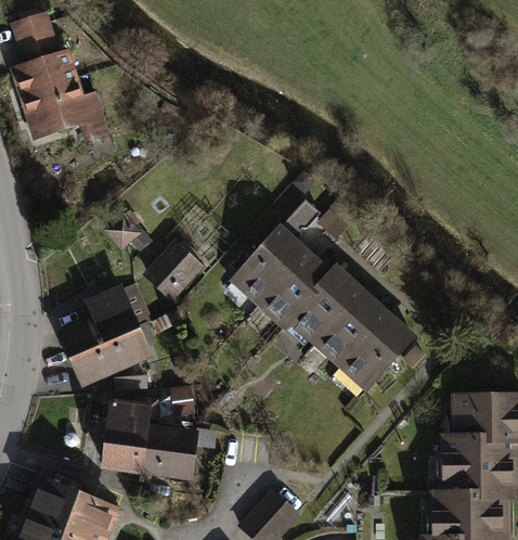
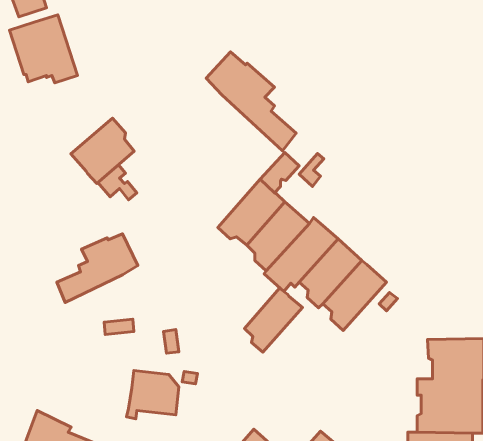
building: none -> [206,52,296,151]
building: none -> [71,118,134,183]
building: [151,248,196,293] -> none
building: [74,329,144,378] -> none
building: none -> [244,288,302,352]
building: [104,402,155,470] -> none

